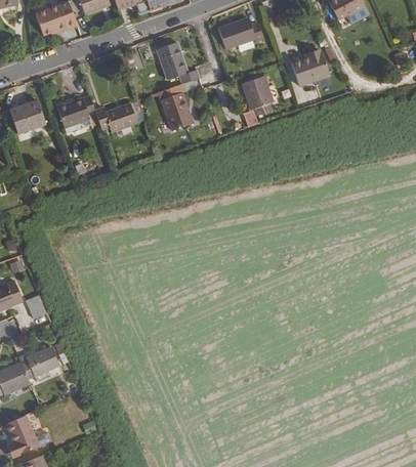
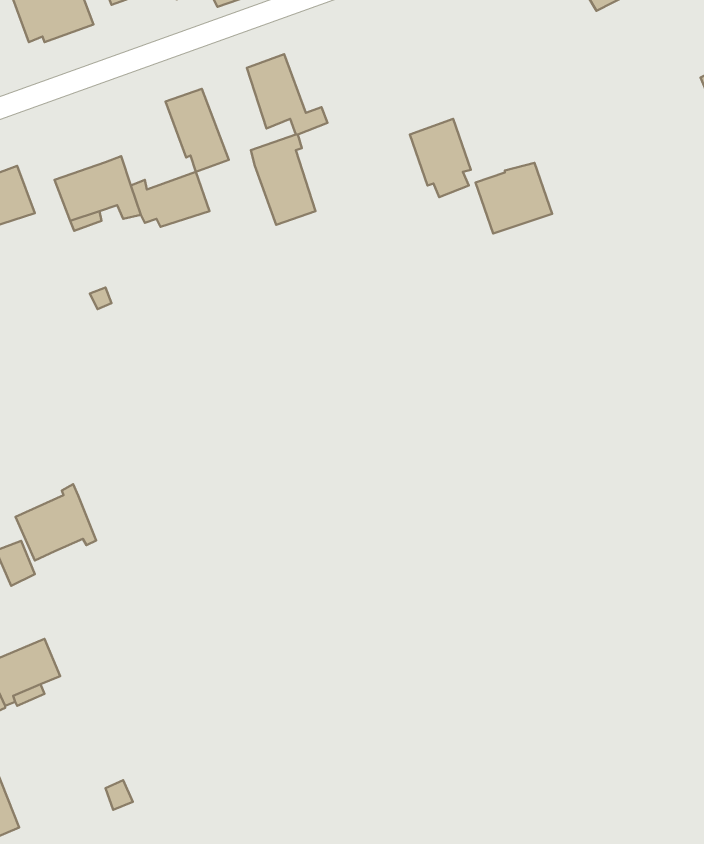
building: [217,17,263,49] -> none
building: [290,49,330,86] -> [475,163,552,233]
building: none -> [166,89,229,172]
building: none -> [16,484,96,560]

